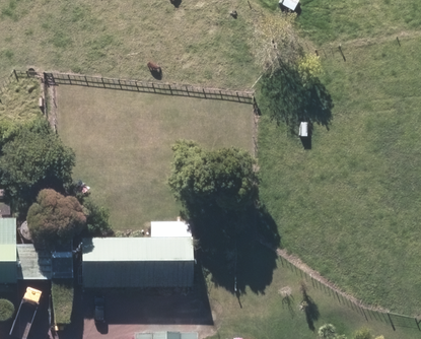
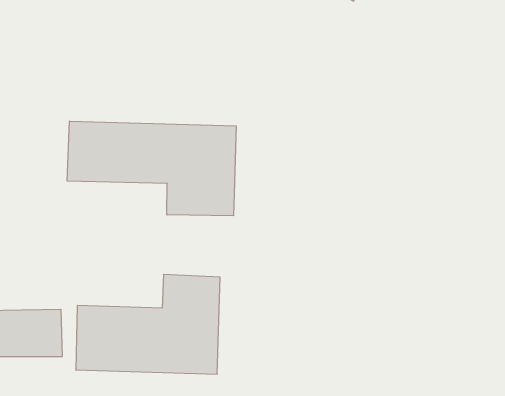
building: none -> [67,121,236,216]

